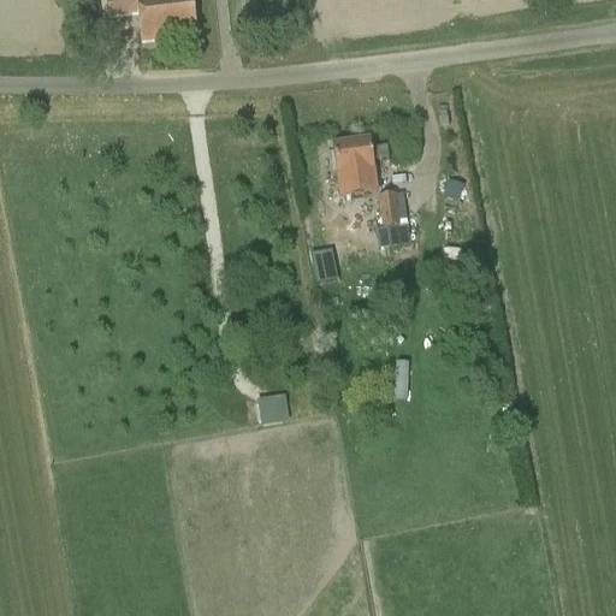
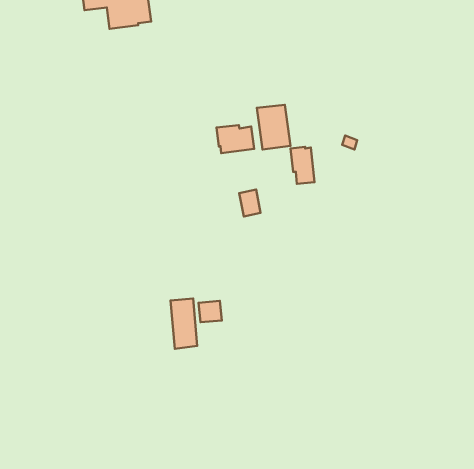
building: none -> [217,125,254,153]
building: none -> [171,299,197,349]

